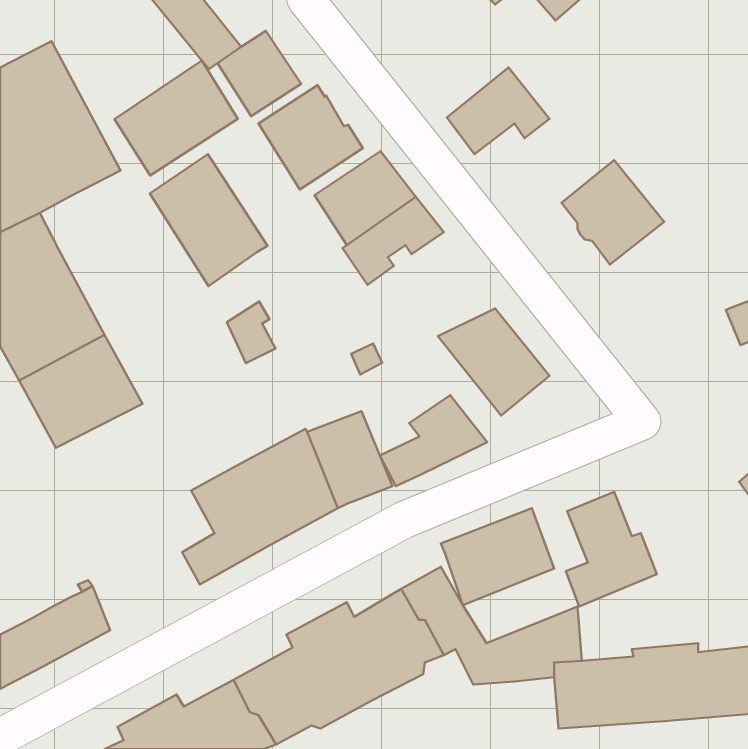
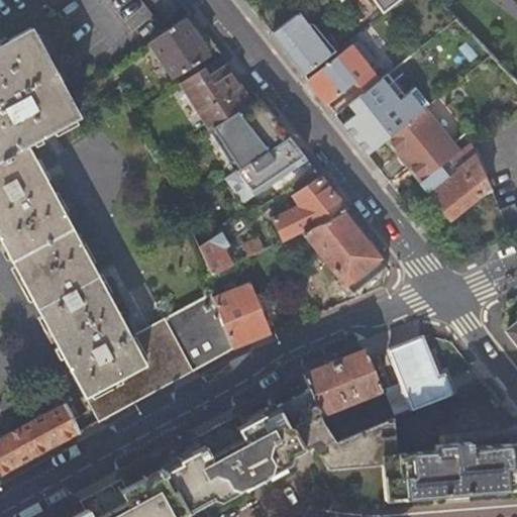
building: none -> [275,13,341,77]
building: [115,61,238,175] -> none
building: none -> [344,79,415,156]
building: [150,154,267,286] -> none
building: none -> [421,142,492,219]
building: [227,302,275,363] -> [199,233,232,276]
building: [380,395,487,486] -> [273,178,346,240]
building: none -> [40,278,149,422]

